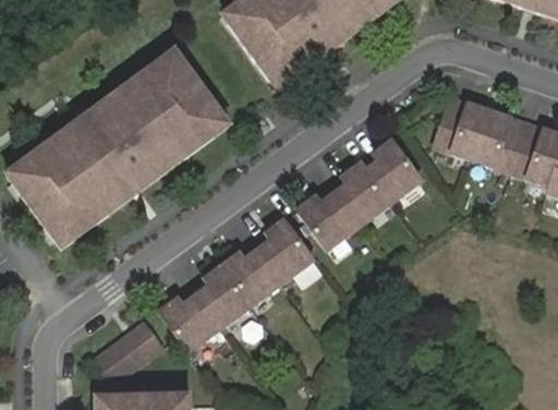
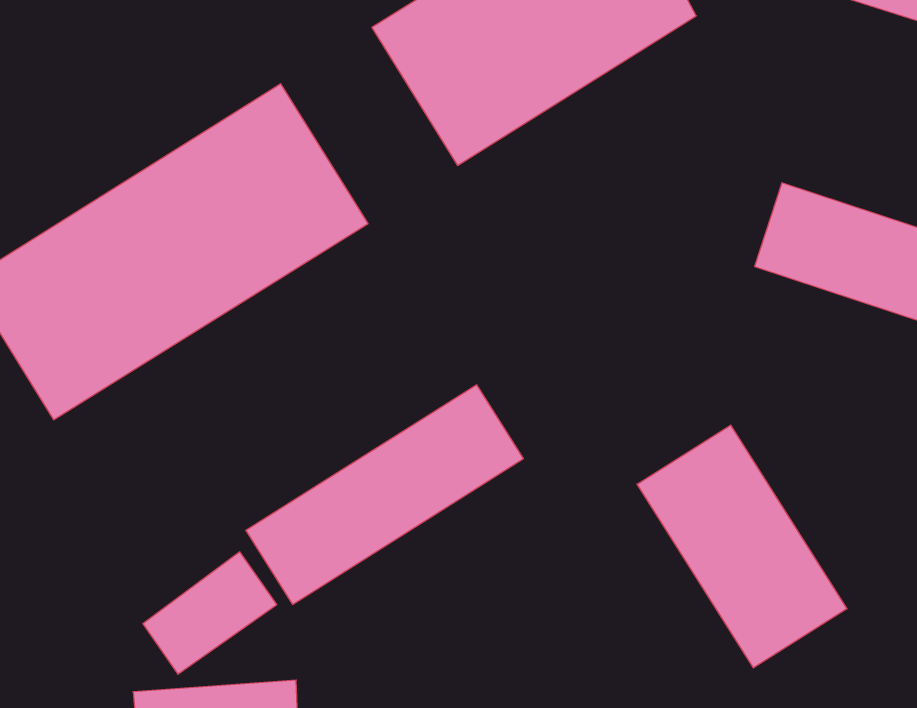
building: [303,146,427,249] -> none
building: none -> [637,425,847,668]

